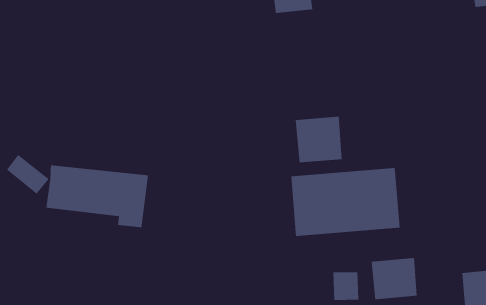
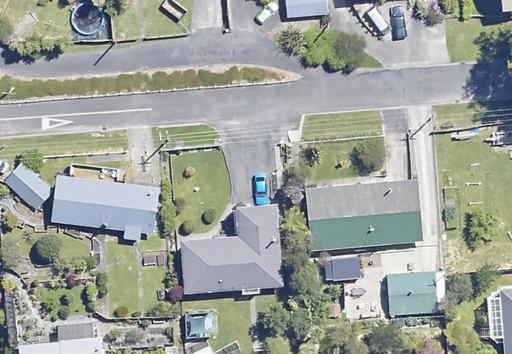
building: [295,116,342,163] -> none
building: none -> [184,206,282,296]

